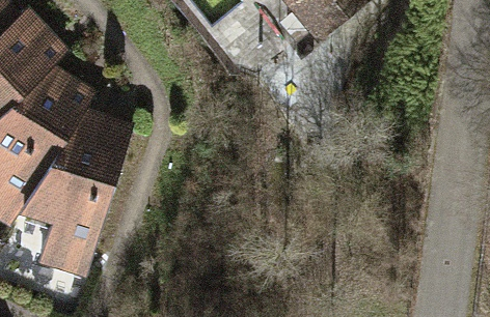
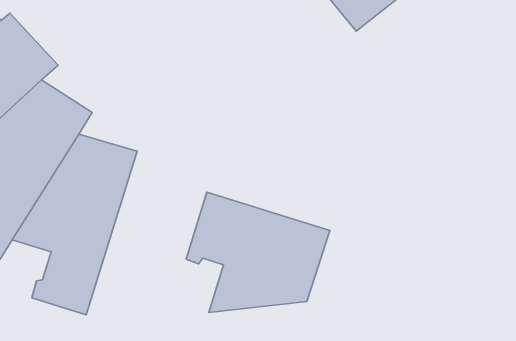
building: none -> [186,192,330,313]

